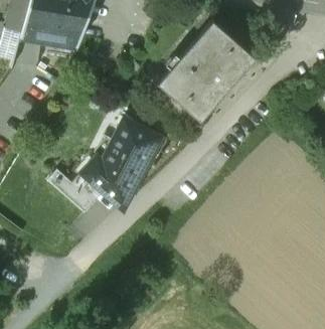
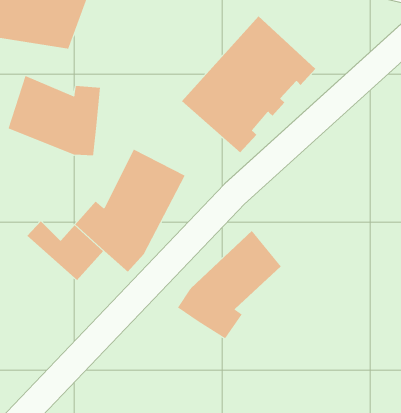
building: none -> [8,75,101,156]
building: none -> [177,230,282,339]

